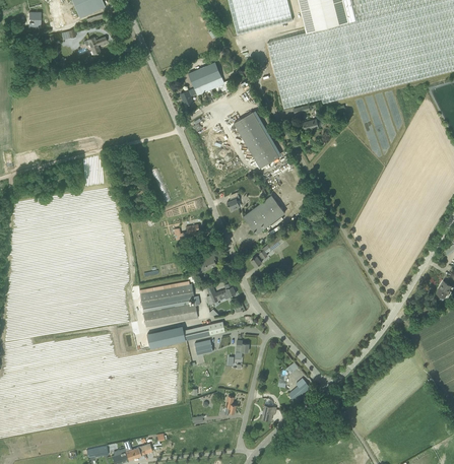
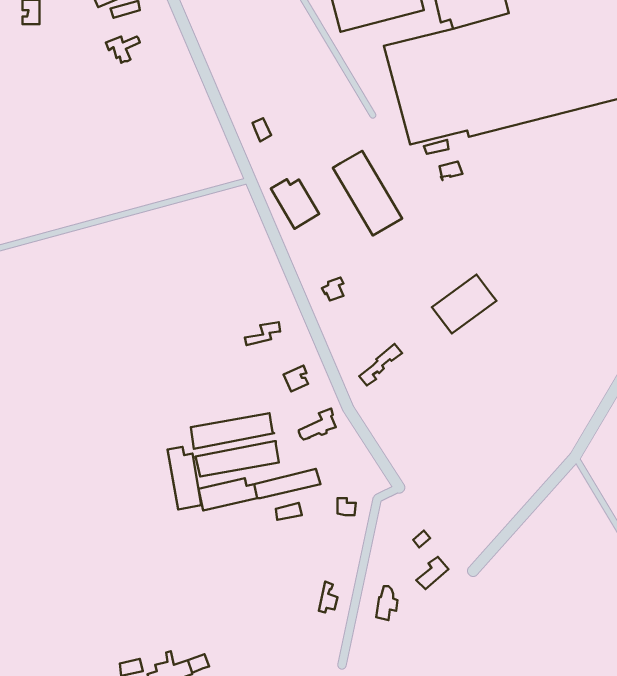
building: [188,62,224,94] -> none
building: none -> [271,179,319,229]
building: [243,195,285,234] -> [432,275,497,333]
building: none -> [168,447,201,510]

